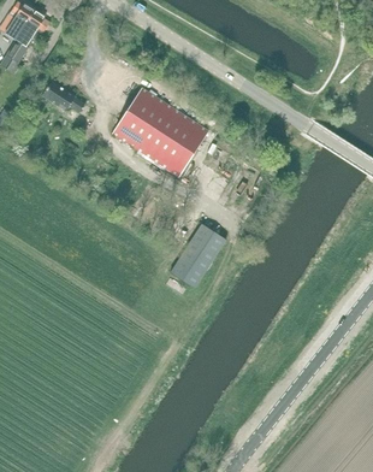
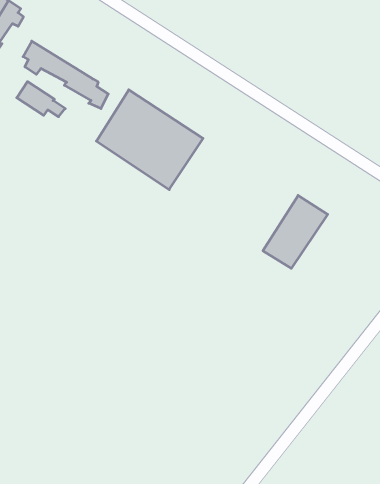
building: none -> [23,41,108,109]
building: [168,223,226,288] -> [263,195,328,268]

